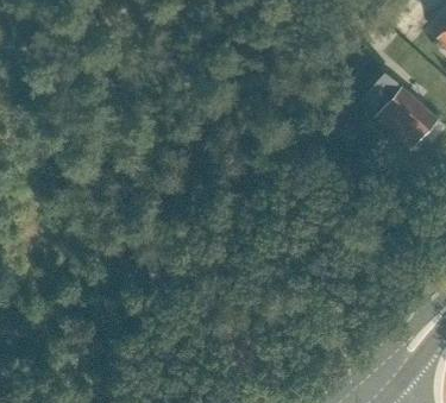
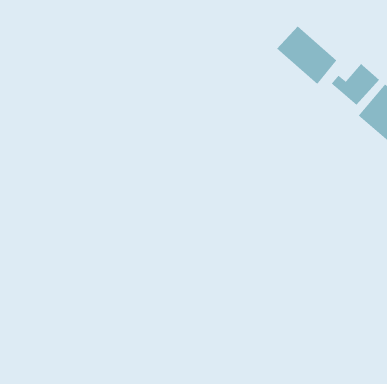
building: none -> [276,25,337,85]

